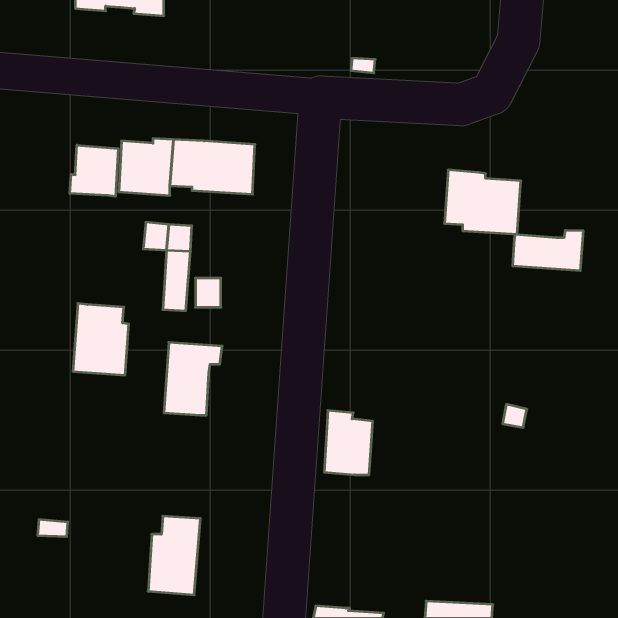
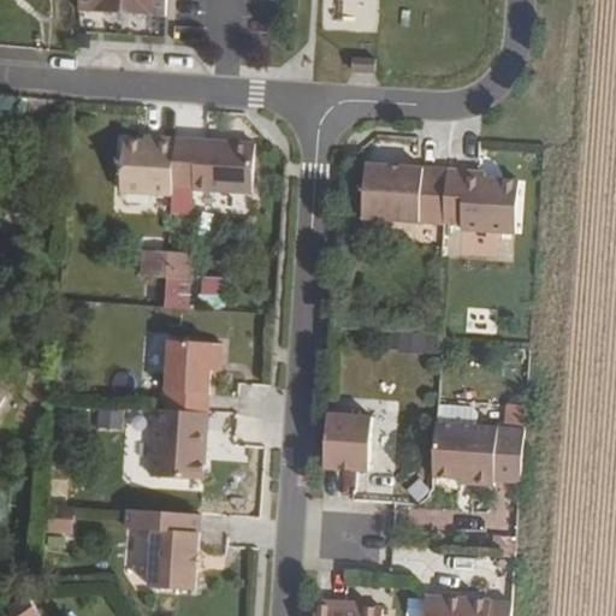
building: [70,145,118,196] -> none
building: none -> [360,162,444,223]
building: [513,230,583,271] -> none
building: [73,303,129,375] -> [148,408,203,479]
building: none -> [431,422,521,485]

